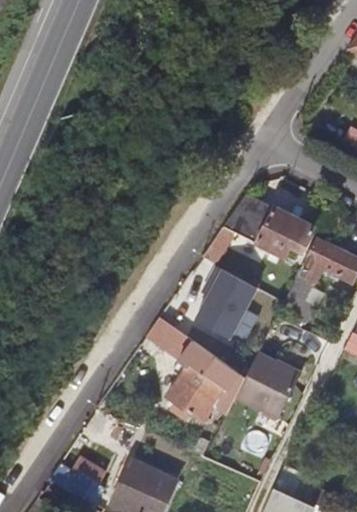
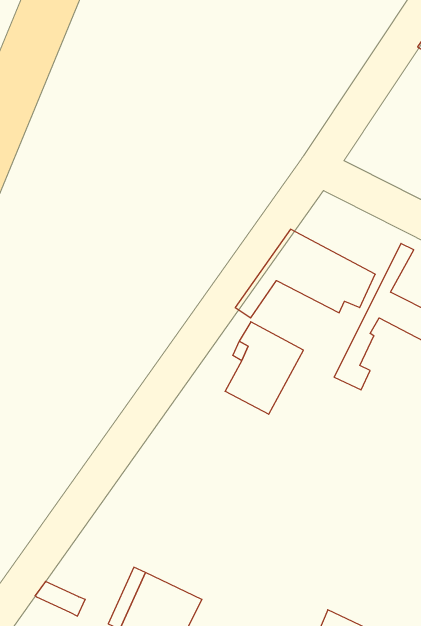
building: [149,313,209,359] -> none
building: [237,352,302,417] -> none
building: [168,360,227,419] -> none

